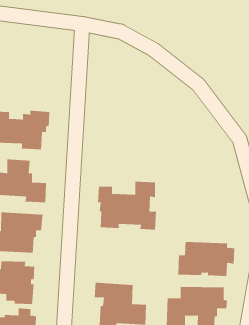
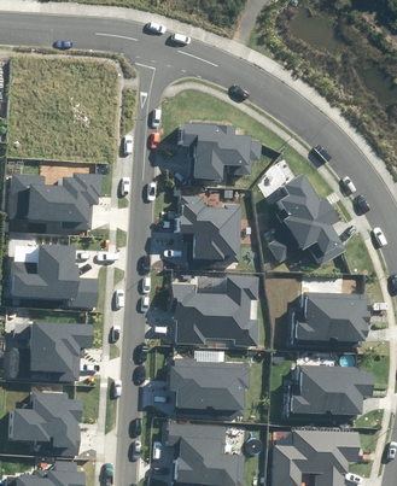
building: none -> [181,122,262,181]
building: none -> [268,175,346,267]
building: none -> [180,195,241,267]
building: none -> [293,292,370,347]
building: none -> [169,358,250,417]

